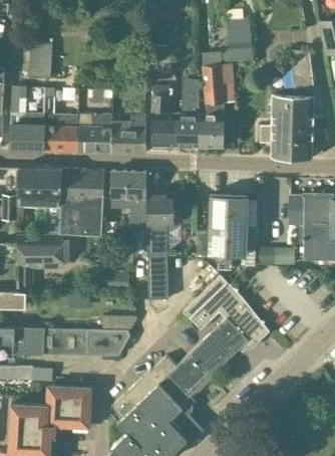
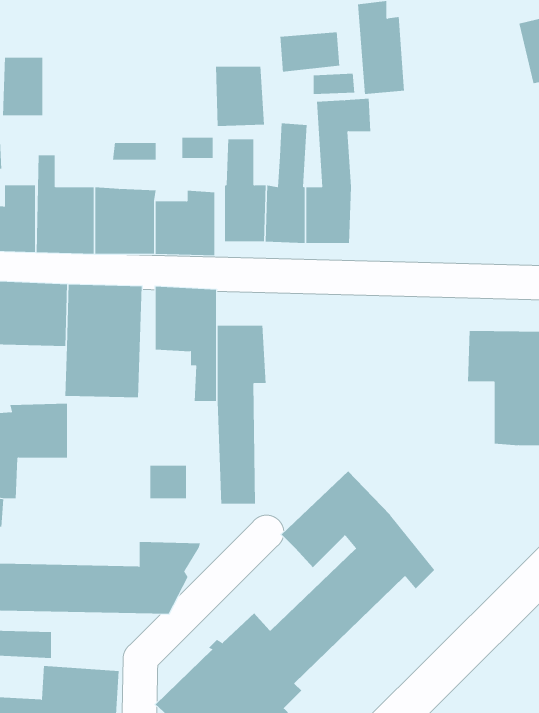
building: none -> [280,32,340,72]
building: [260,53,313,160] -> none
building: [197,196,248,269] -> none
building: [255,247,292,264] -> none

